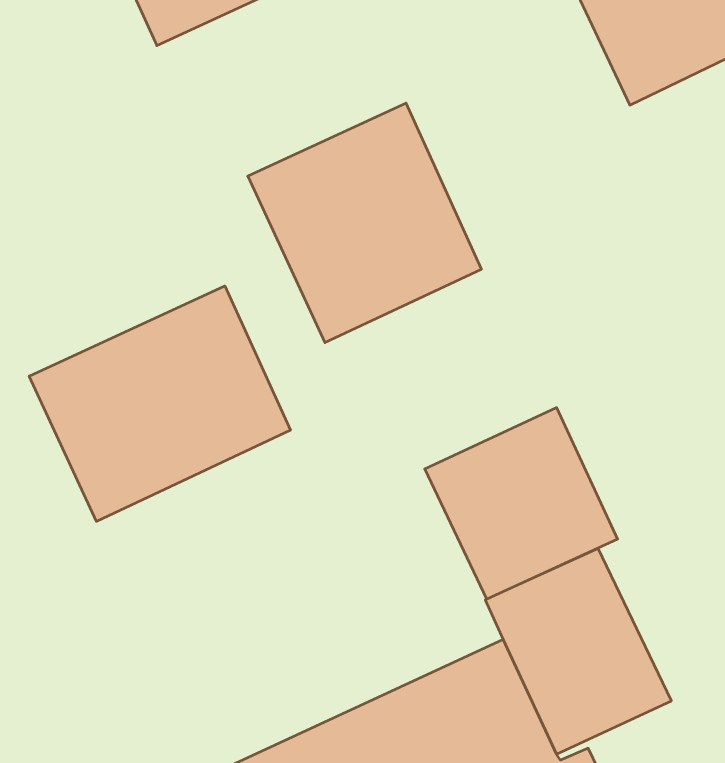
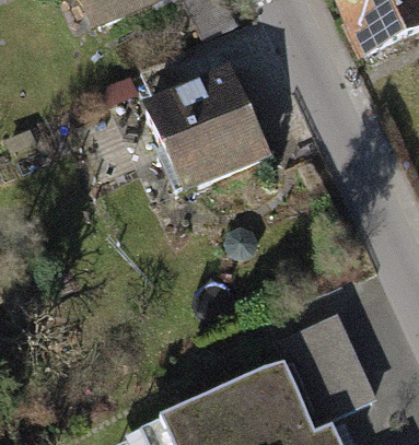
building: [29,286,290,521] -> none
building: [425,408,618,599] -> none

